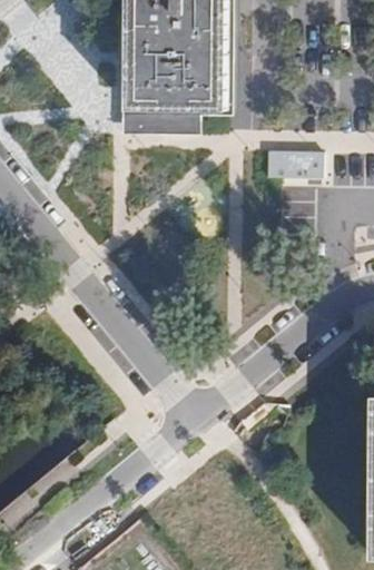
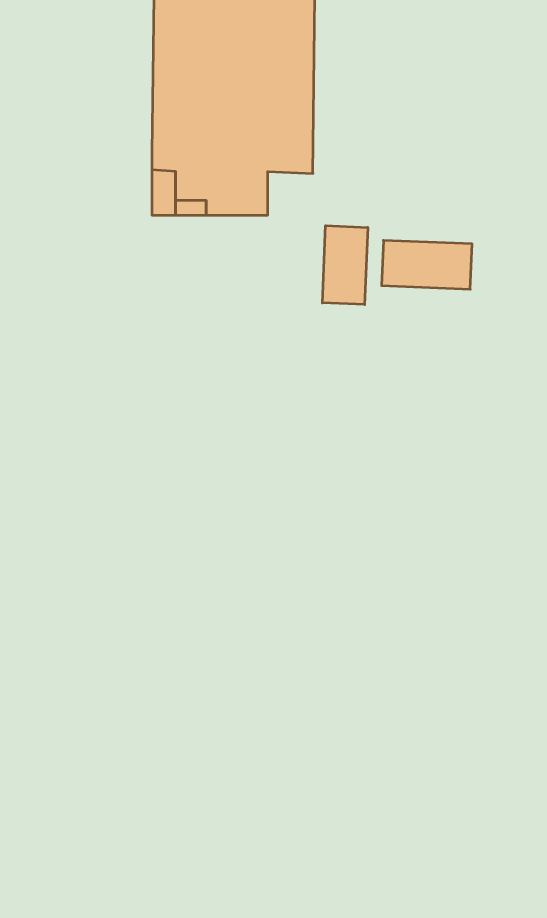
building: none -> [322,226,368,305]

